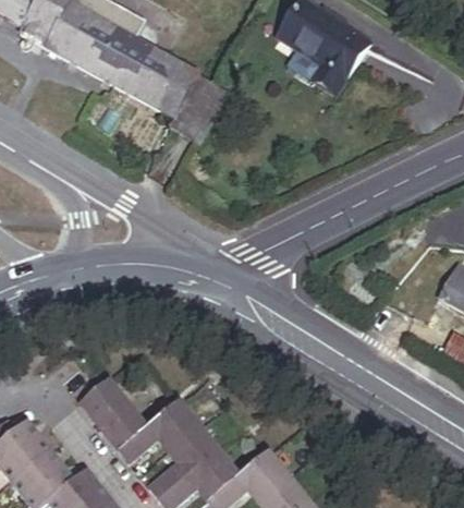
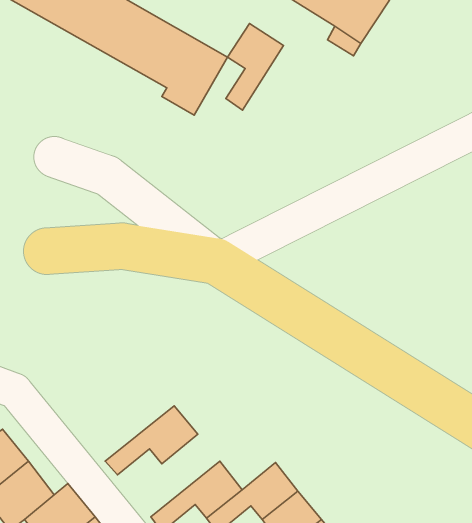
building: none -> [226,24,283,110]
building: [81,377,147,449] -> none
building: [149,425,220,498] -> none

